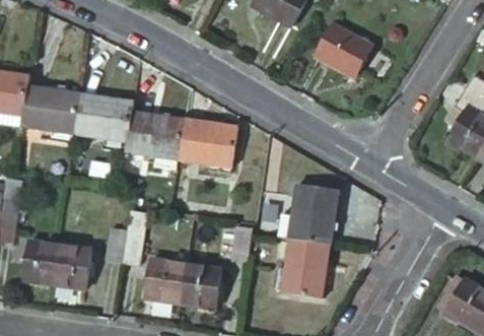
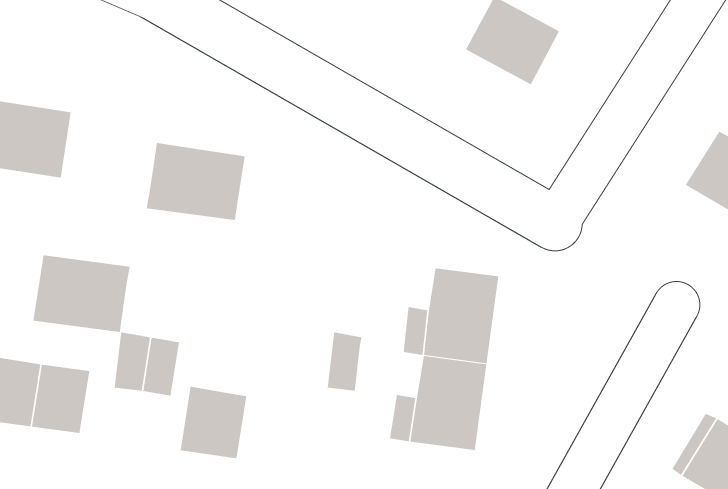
building: [73,93,132,140] -> [33,255,131,333]
building: [178,120,237,166] -> none
building: [179,264,221,307] -> none

